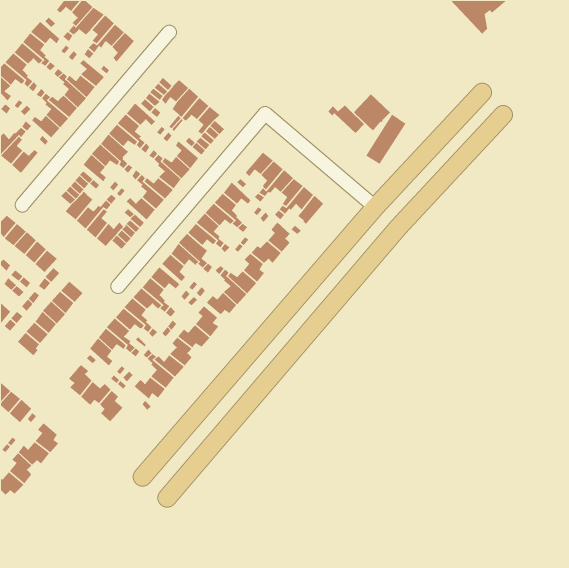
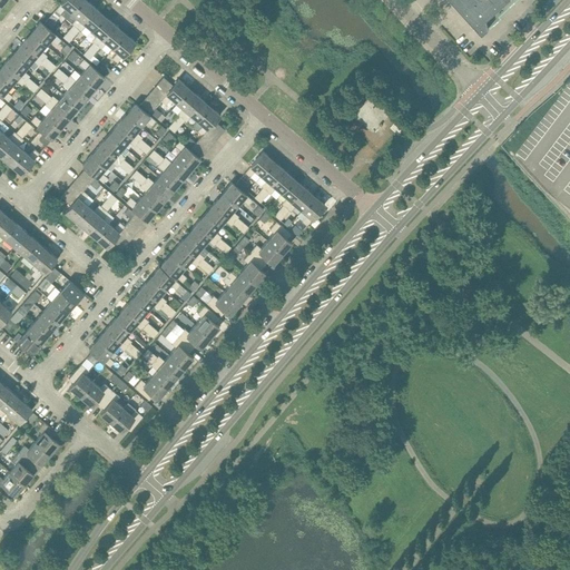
building: [328,104,365,134] -> none
building: none -> [110,403,142,432]

